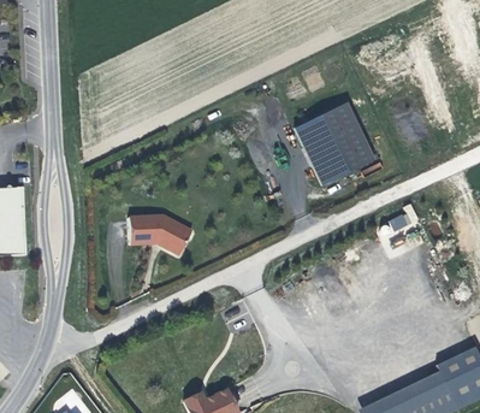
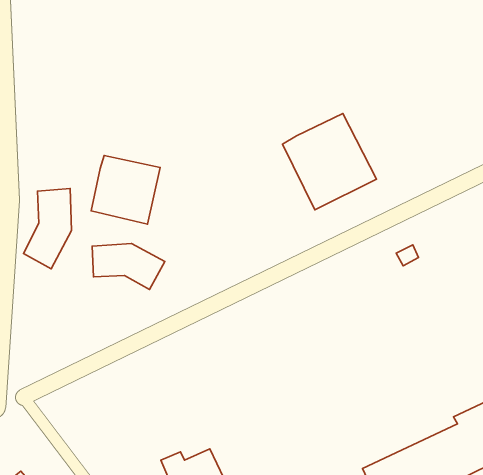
building: none -> [91,155,160,224]
building: none -> [24,188,72,269]

